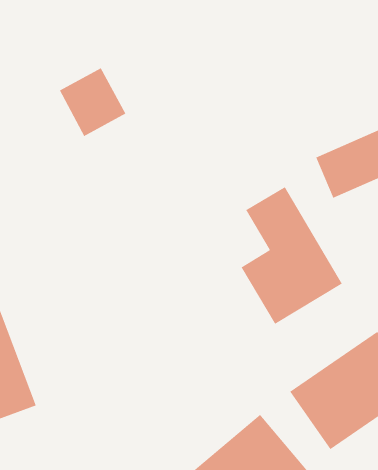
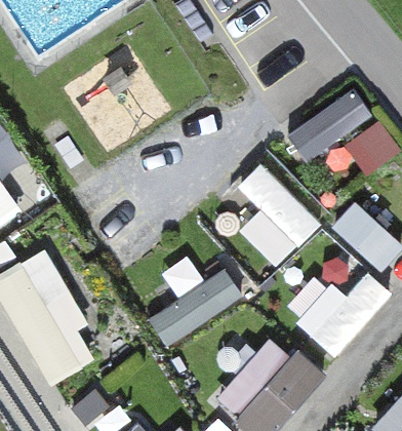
building: none -> [149,250,232,344]

